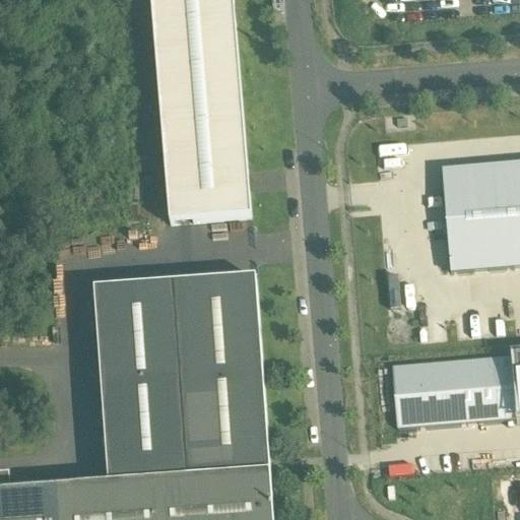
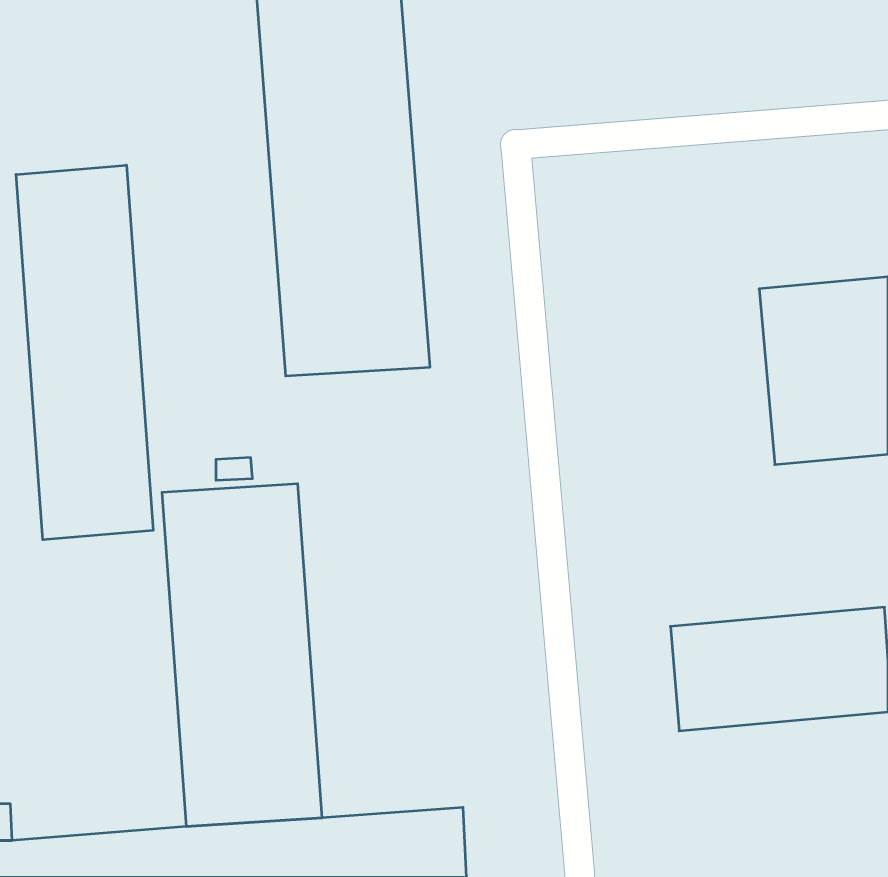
building: none -> [16,165,153,540]
building: [174,276,270,477] -> none

